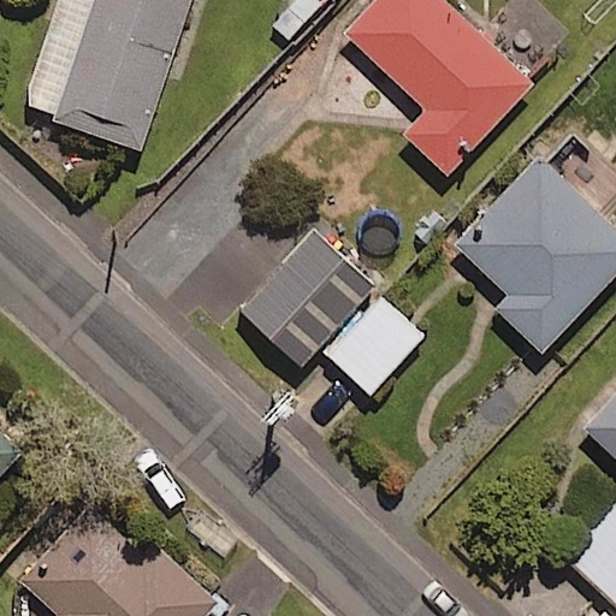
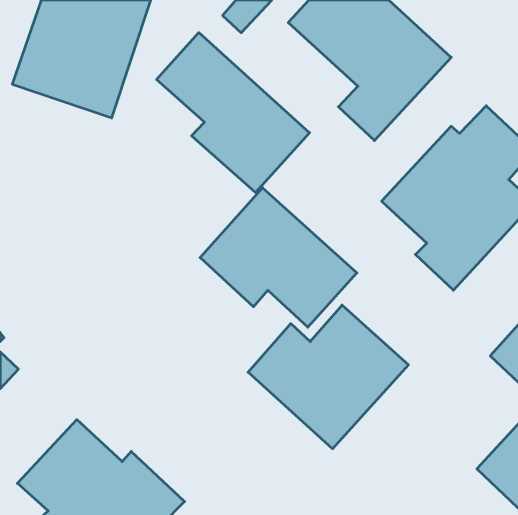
building: none -> [157,33,310,192]
building: none -> [248,305,408,449]

